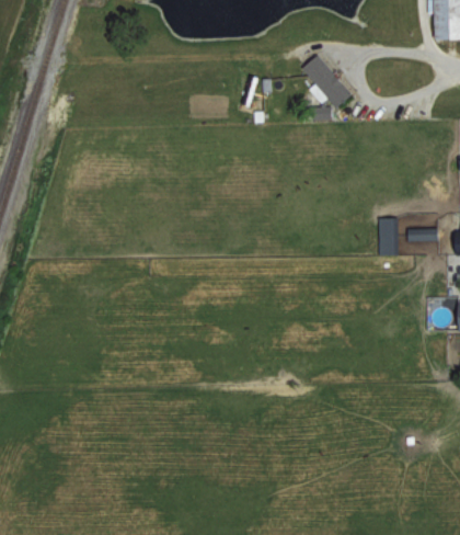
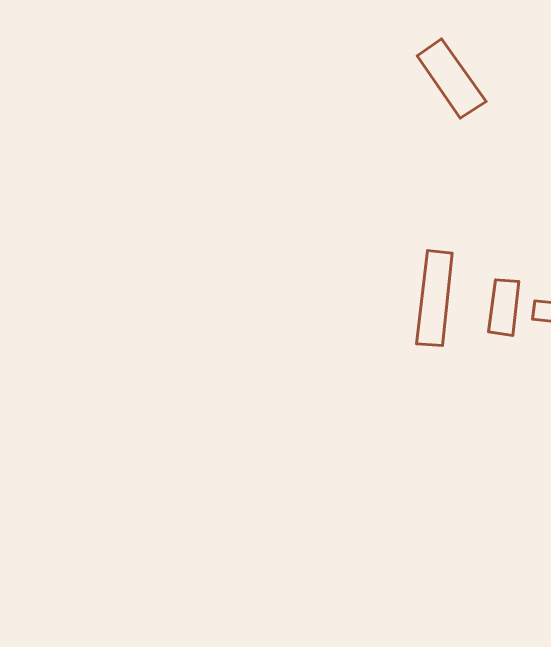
building: none -> [417,251,452,345]

